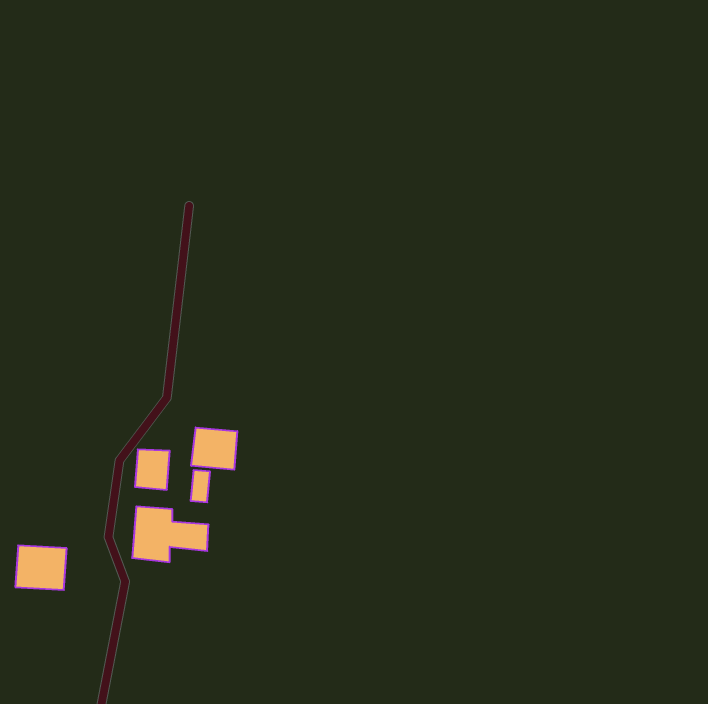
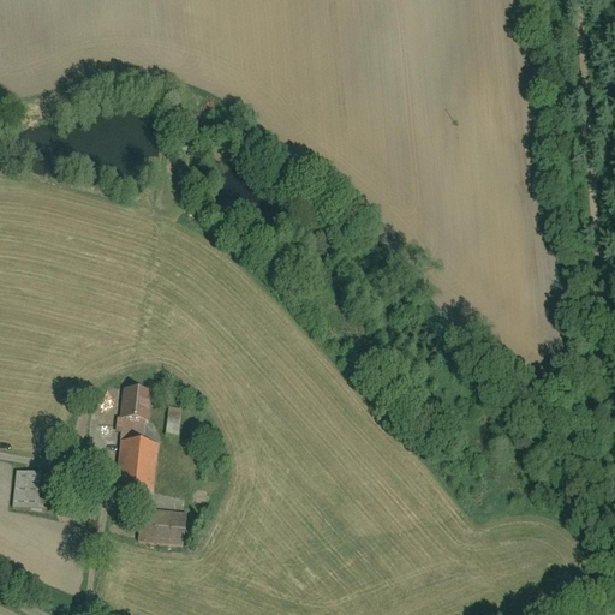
building: [191,427,237,470] -> none
building: none -> [138,507,181,539]

